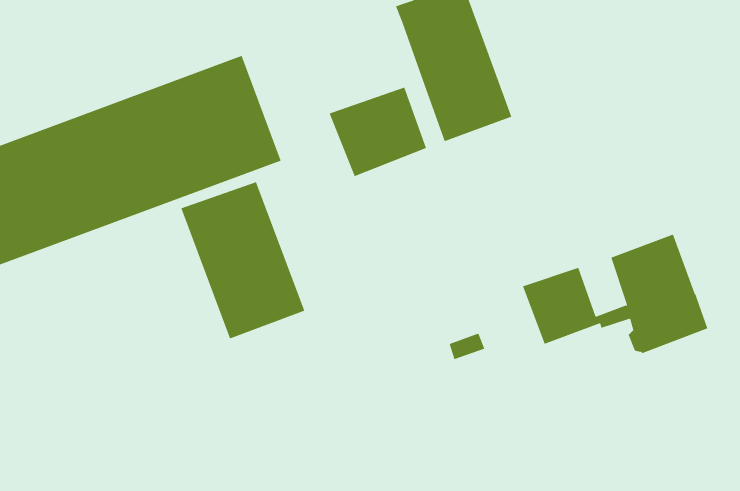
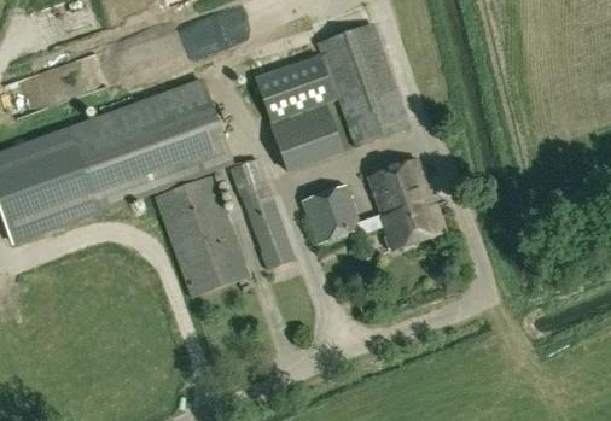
building: none -> [255,53,339,122]
building: none -> [231,157,295,268]
building: [522,234,708,354] -> [302,158,444,250]

